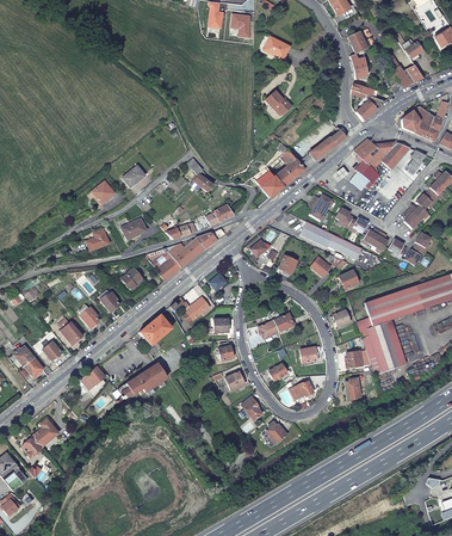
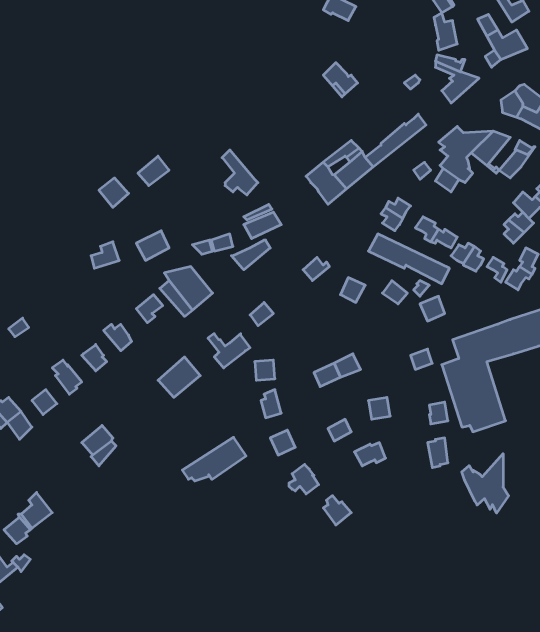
building: [165,238,204,266] -> none
building: [117,364,166,398] -> [182,437,246,481]
building: none -> [462,454,509,513]

